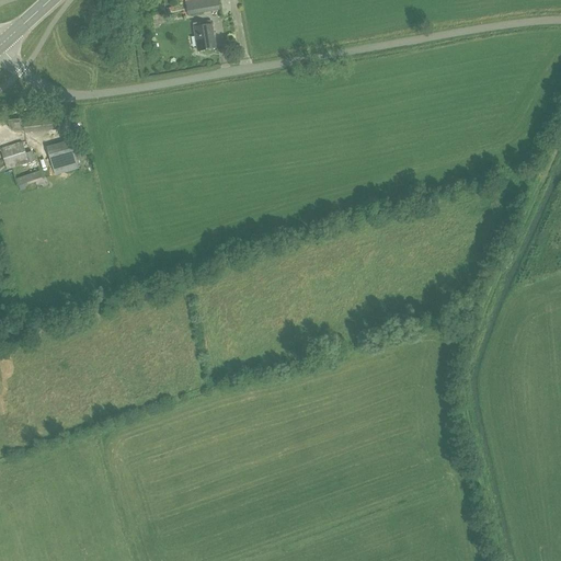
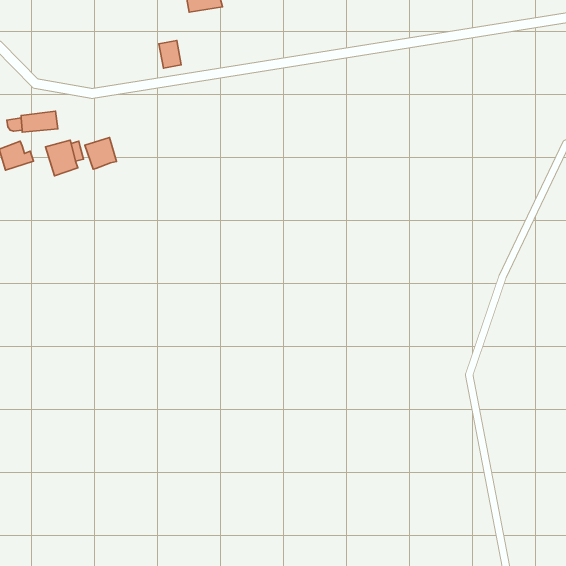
building: [192,22,214,49] -> [159,40,181,68]
building: none -> [85,137,116,169]

